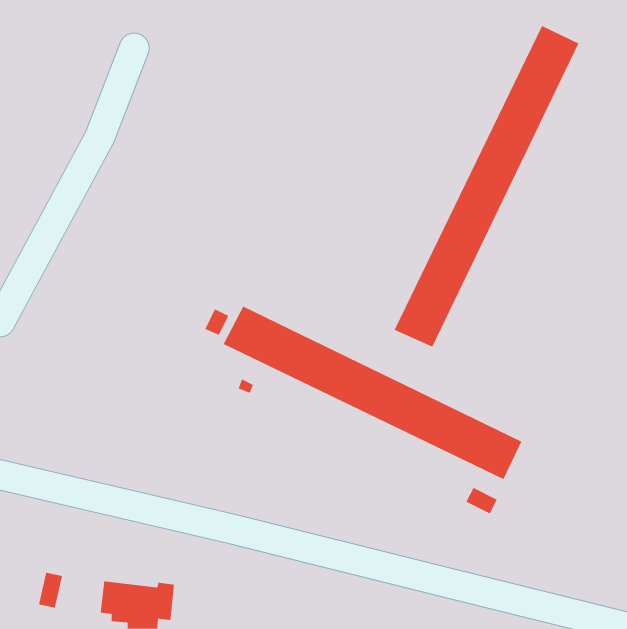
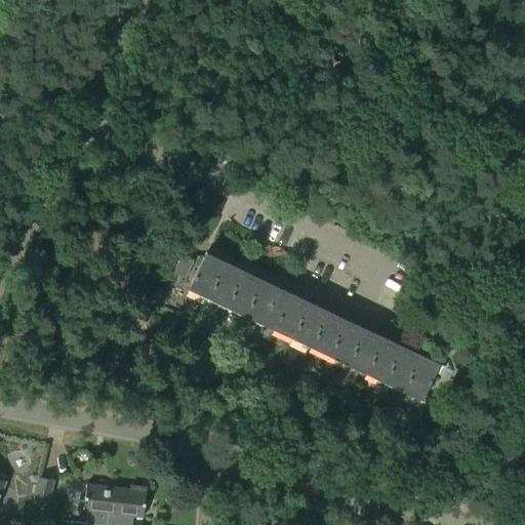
building: [394,25,579,348] -> none

